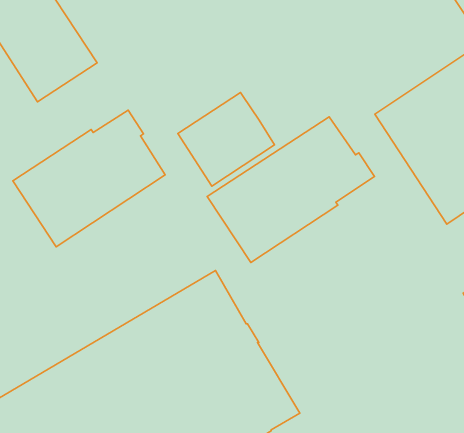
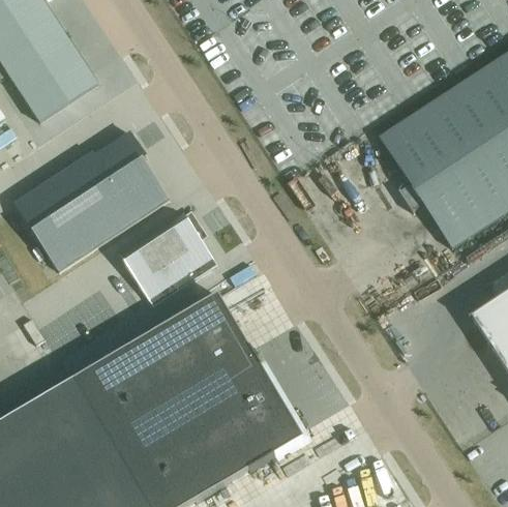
building: [178,92,274,186] -> [120,210,217,304]
building: [207,117,375,262] -> none

